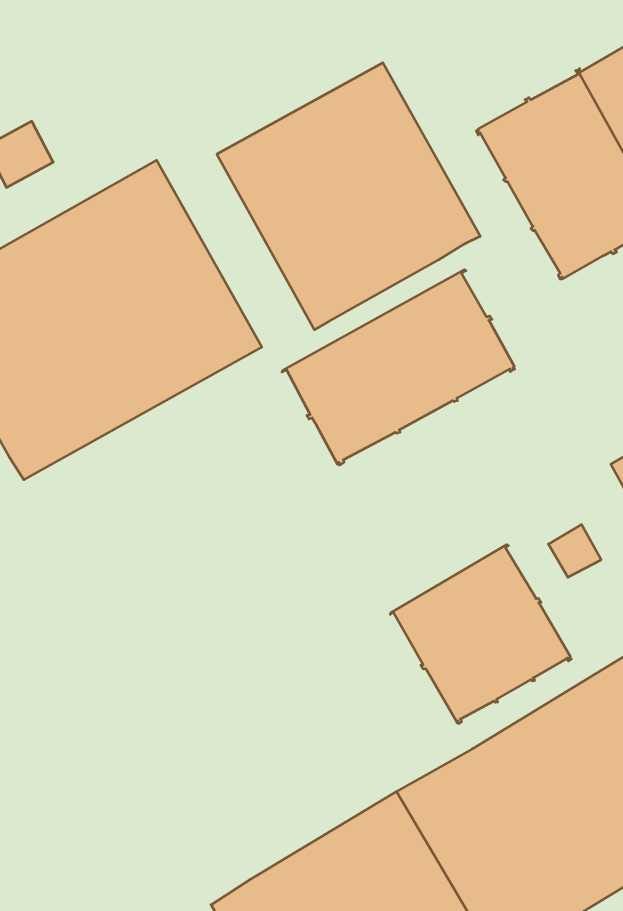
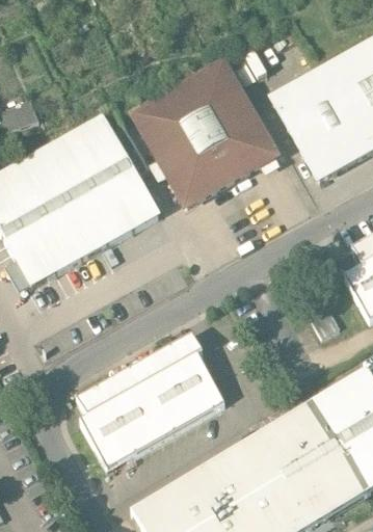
building: [282,270,515,465] -> none
building: [390,545,571,724] -> none
building: none -> [76,334,224,469]

